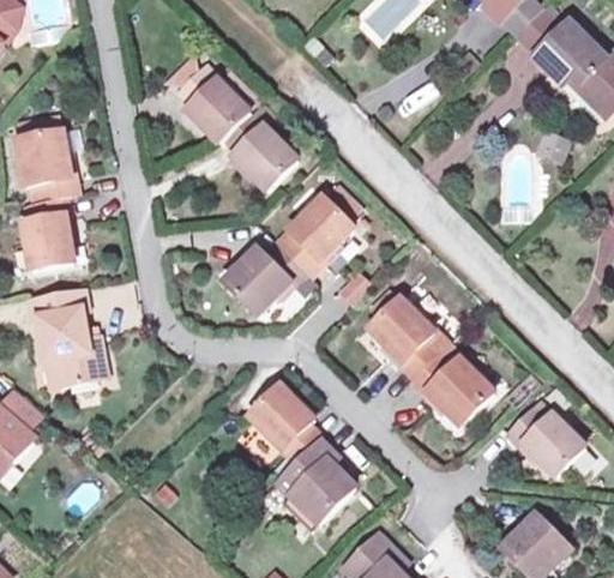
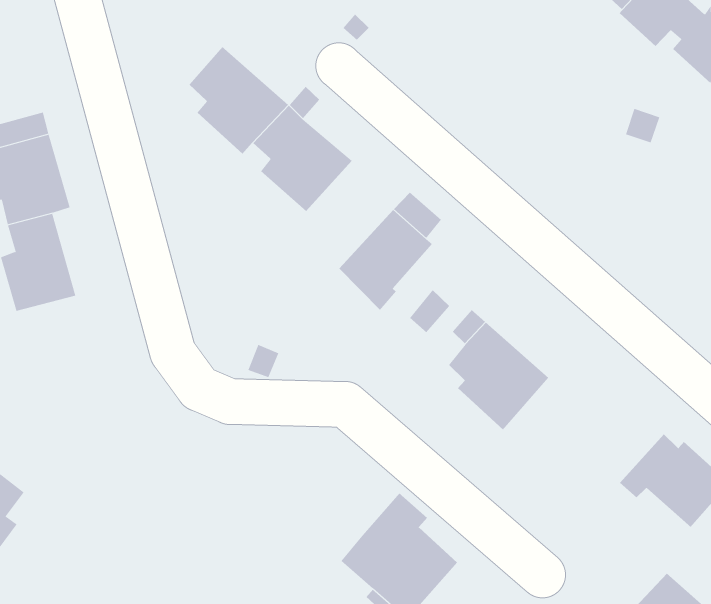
building: [229,245,319,314] -> none
building: [23,277,107,383] -> none
building: [411,345,498,432] -> none
building: [253,384,325,462] -> none

